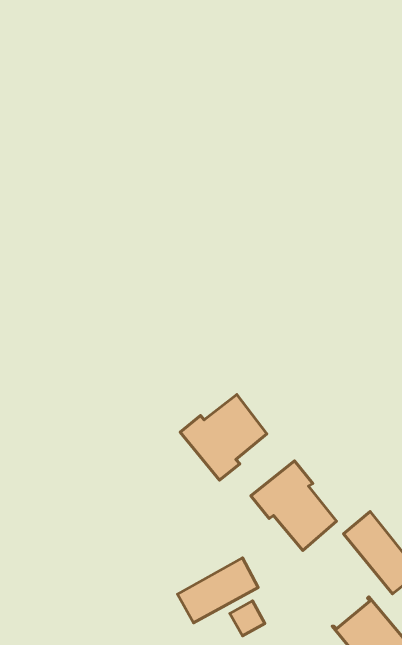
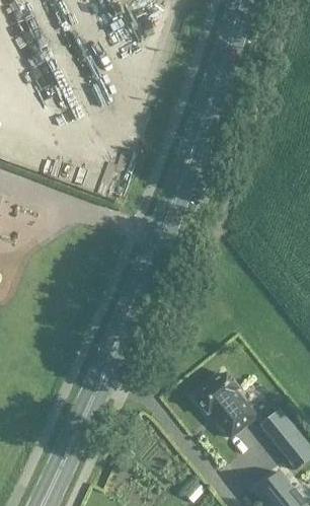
building: [180,394,267,480] -> none
building: [177,558,258,623] -> none

